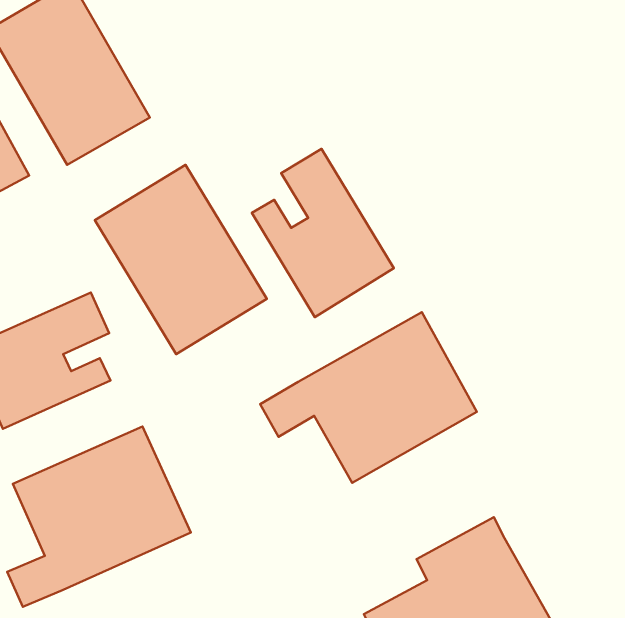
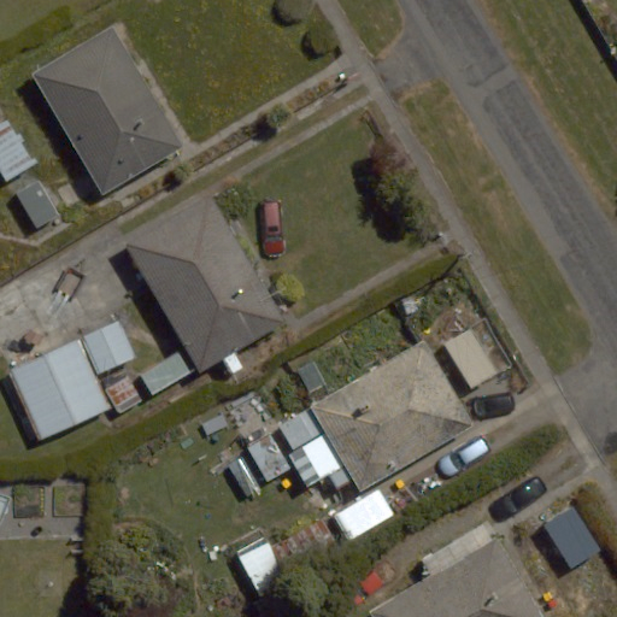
building: [252,149,394,317] -> none
building: [7,427,191,607] -> none

